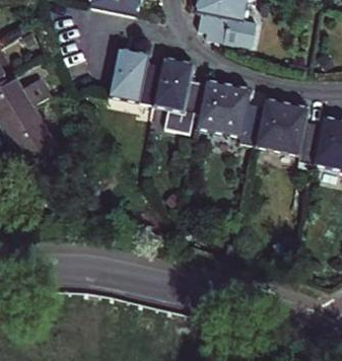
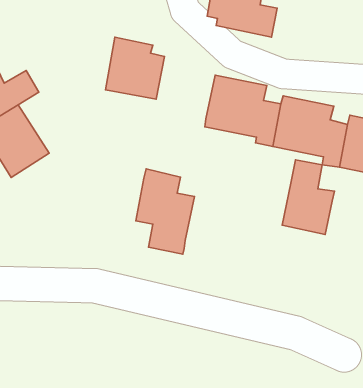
building: [154,57,206,132] -> [136,169,194,254]
building: none -> [282,160,334,235]

